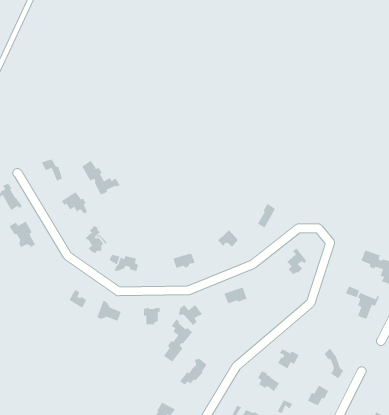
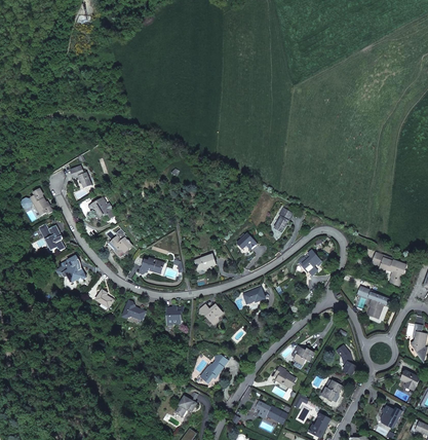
building: [82,160,120,196] -> none
building: none -> [55,256,87,284]
building: [163,318,193,362] -> none

